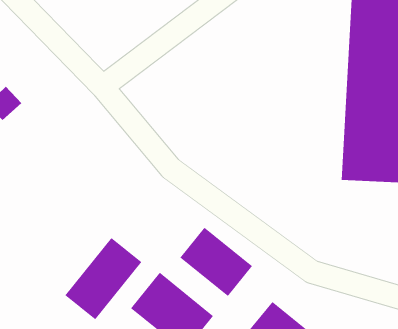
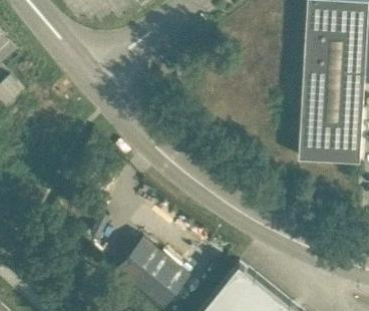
building: [180,227,253,297] -> none
building: [64,237,142,320] -> none

